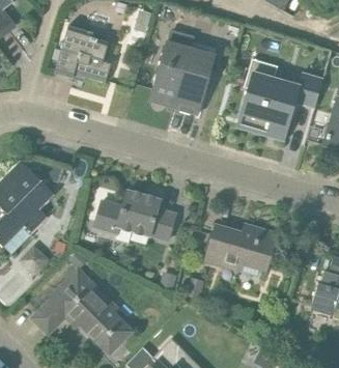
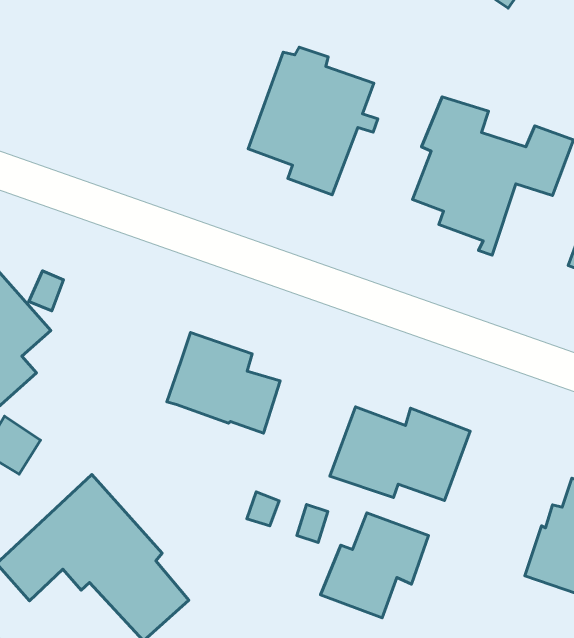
building: [54,24,111,81] -> none
building: [95,199,122,233] -> none
building: none -> [320,513,428,618]

